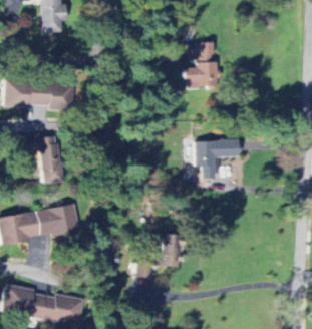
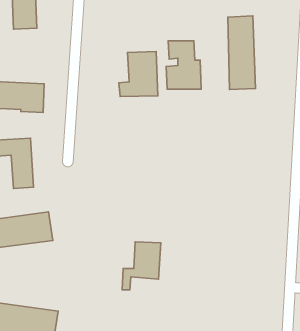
building: none -> [228,16,255,90]
building: none -> [119,52,158,96]
building: [195,139,238,179] -> none

